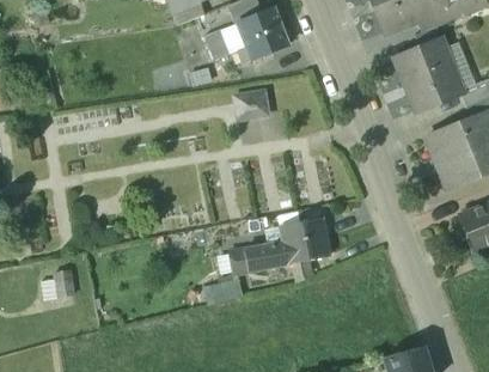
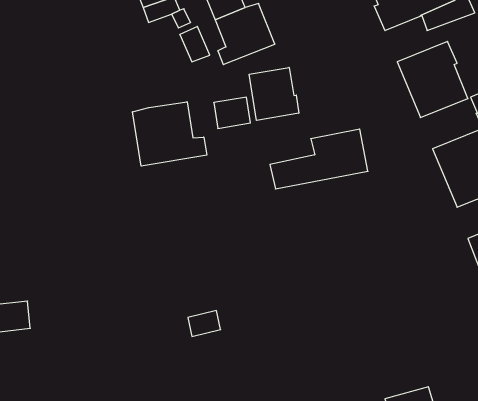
building: none -> [249,67,299,120]
building: none -> [132,102,207,166]
building: [244,218,330,270] -> [270,129,368,189]

